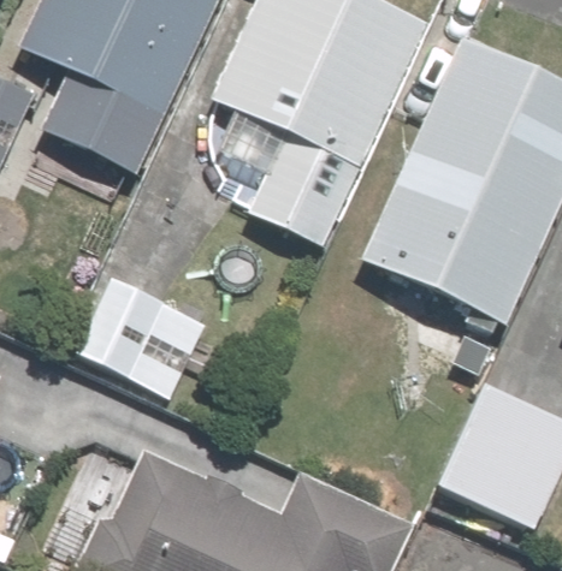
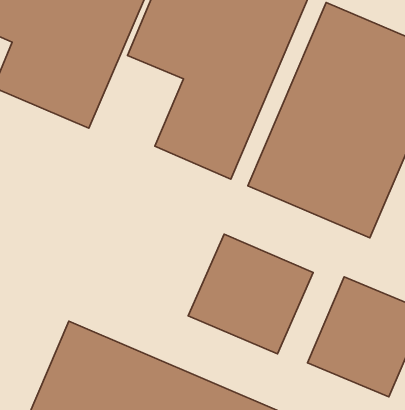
building: [75,273,213,402] -> none
building: none -> [188,234,313,354]

